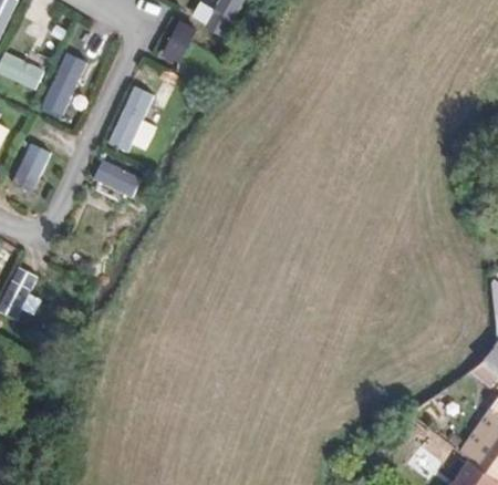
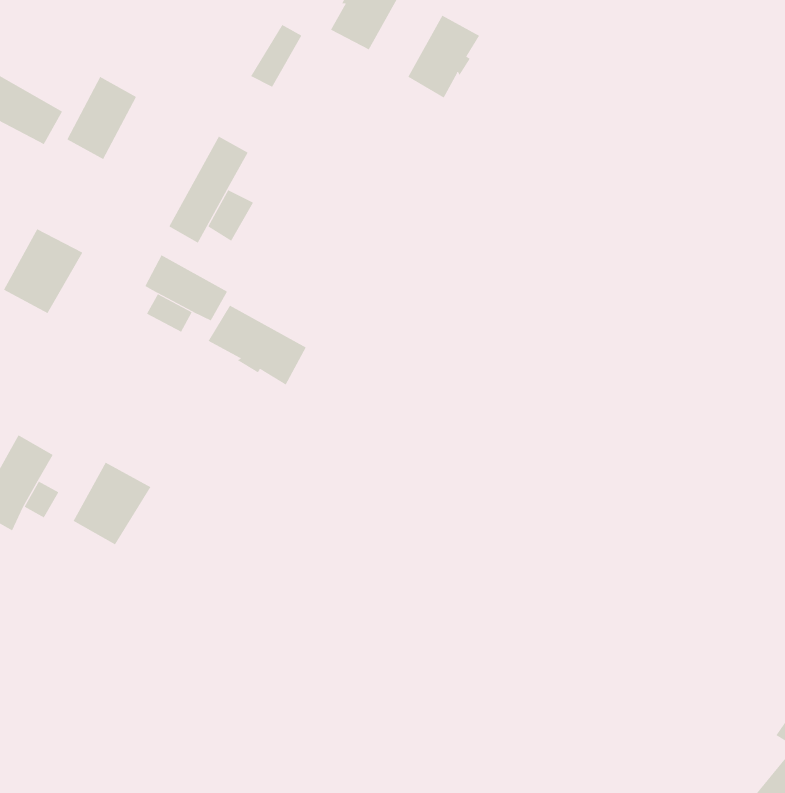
building: none -> [408,15,480,99]
building: none -> [208,305,307,385]
building: none -> [73,462,151,545]

